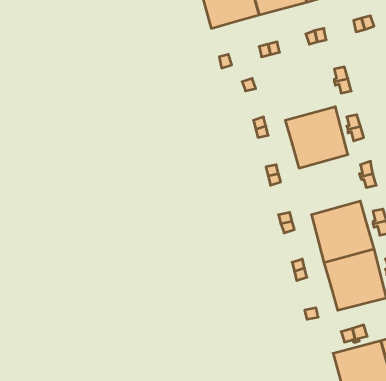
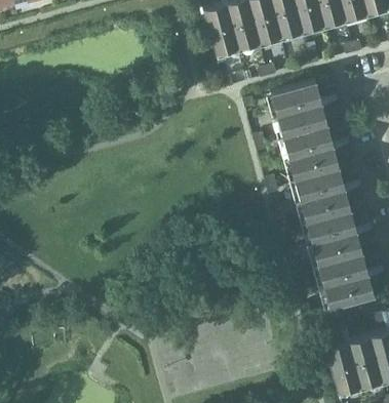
building: none -> [271,83,327,138]
building: none -> [295,169,350,224]

